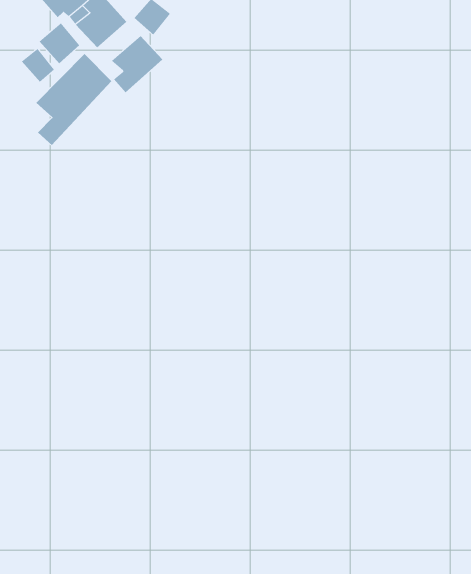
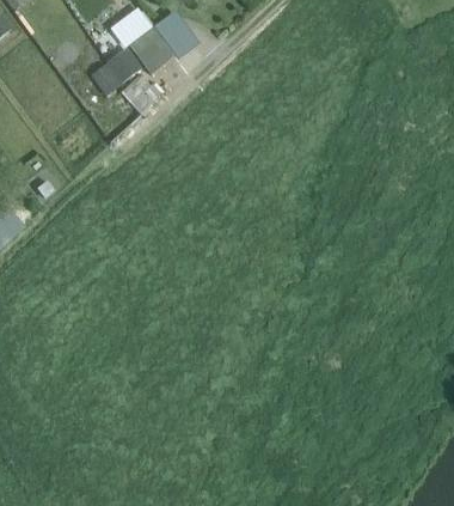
building: [111,35,163,93] -> none

